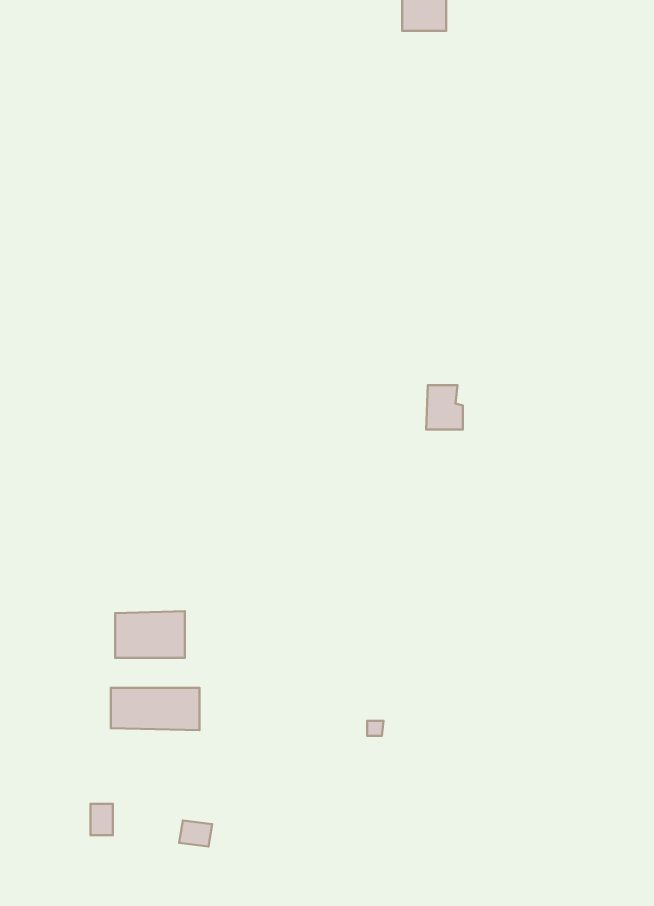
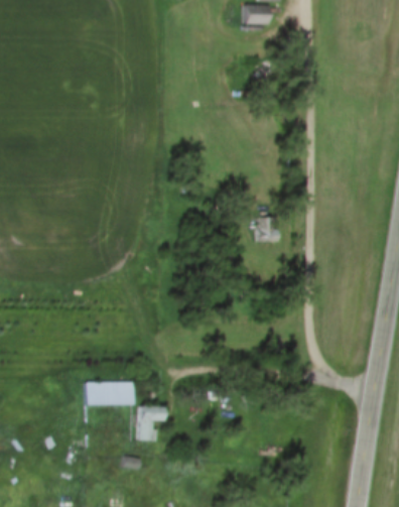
building: [115,611,185,658] -> none
building: none -> [135,405,162,441]

